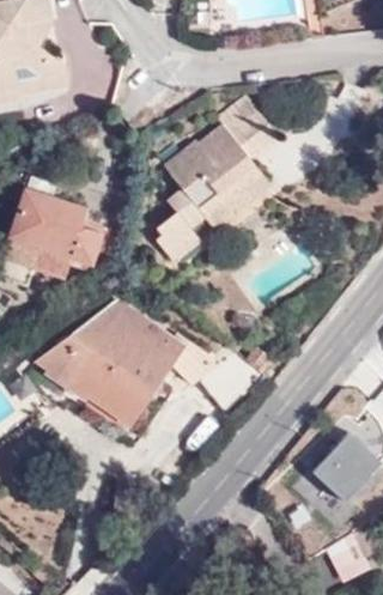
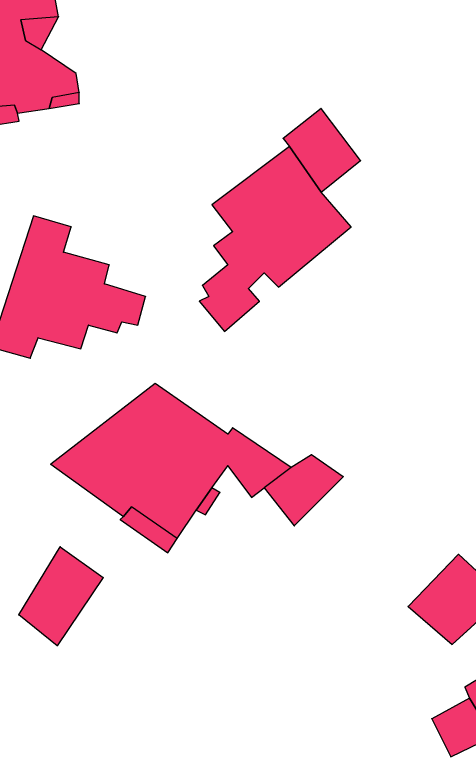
building: none -> [19,547,103,646]

